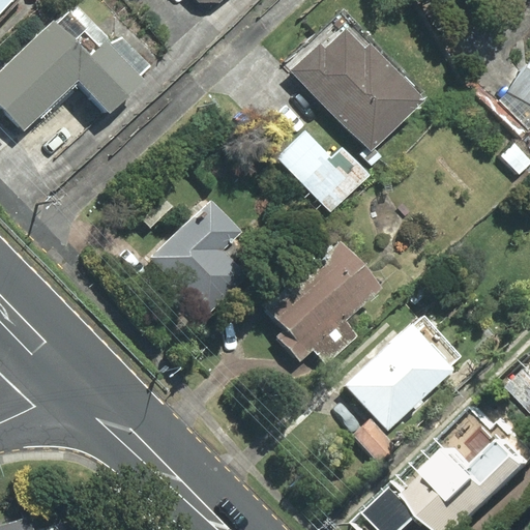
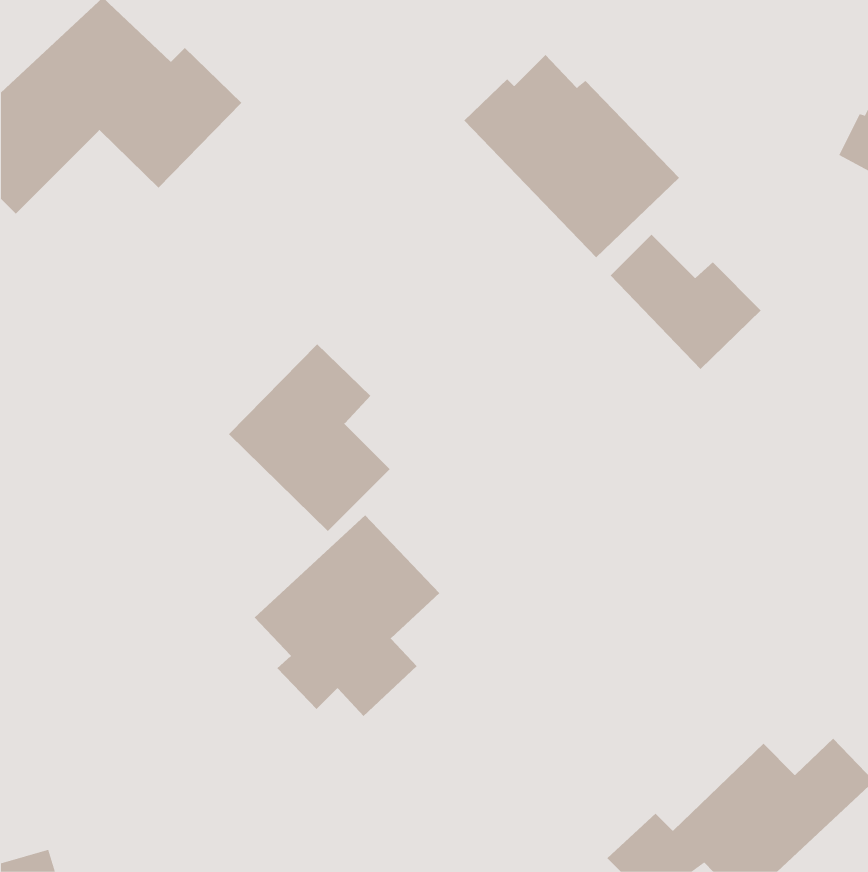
building: [281,130,371,211] -> [610,234,761,370]
building: [264,245,375,365] -> [254,515,440,717]
building: [343,317,461,463] -> none

